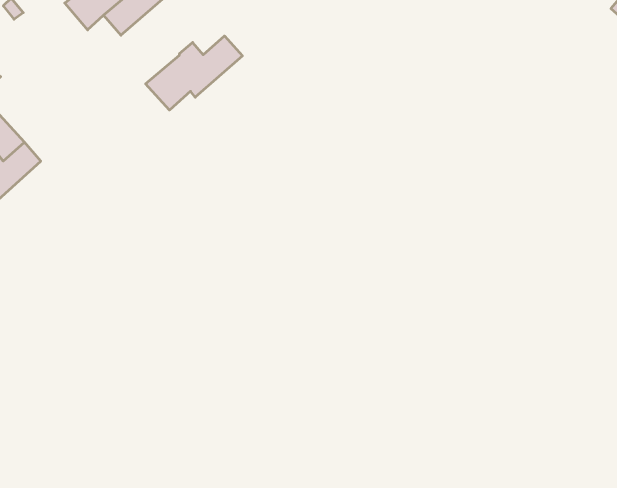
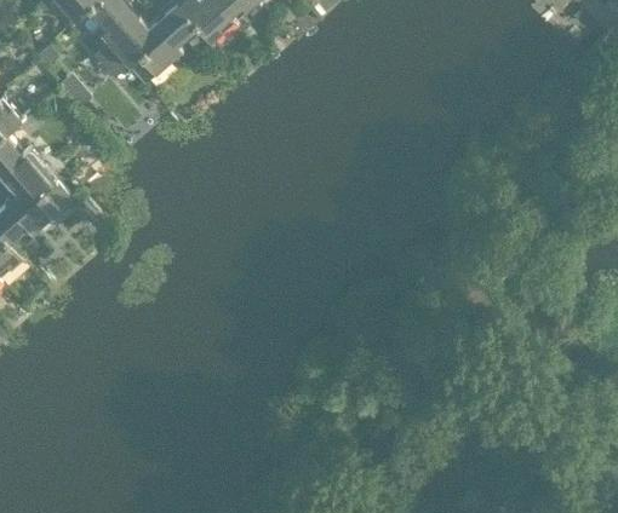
building: [146,36,242,110] -> none

